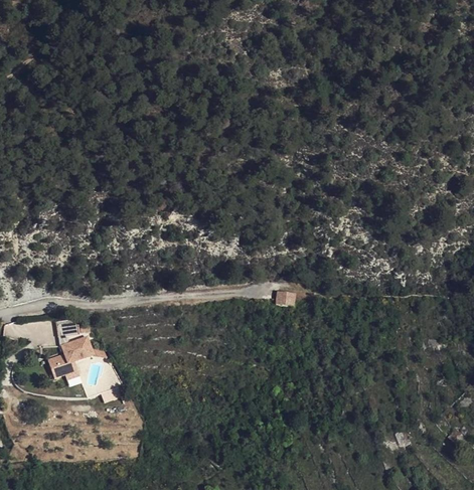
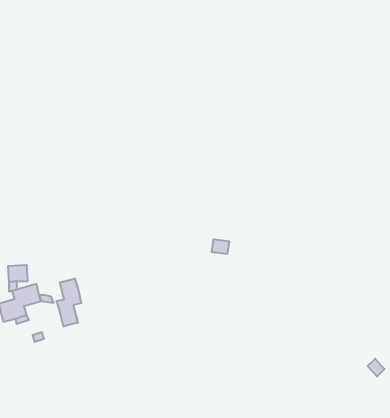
building: none -> [57,278,81,327]

